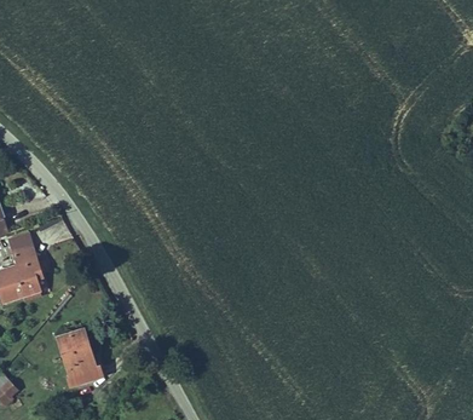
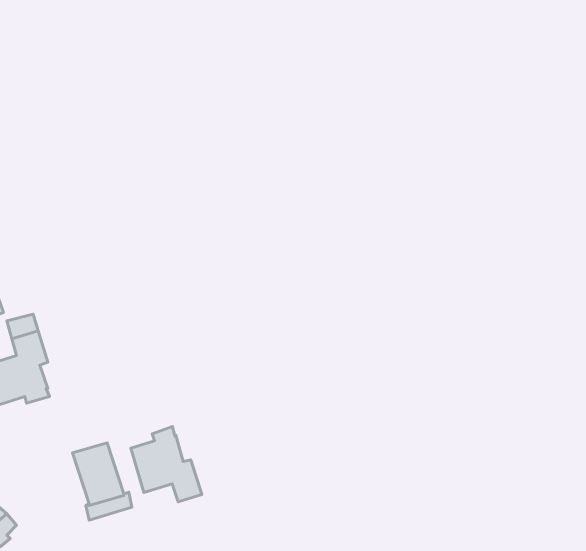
building: none -> [131,427,202,502]

